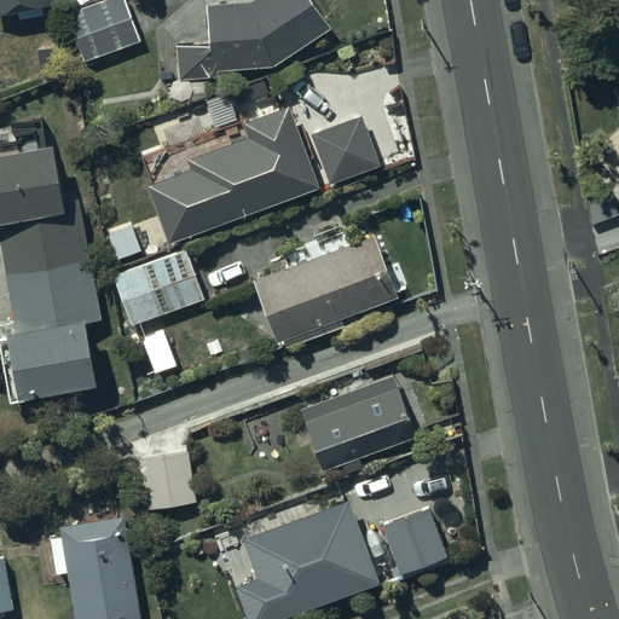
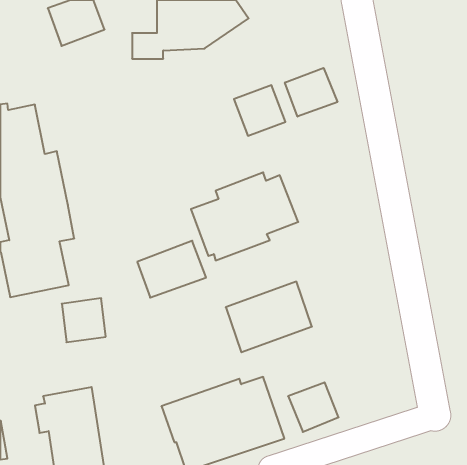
building: none -> [285,68,337,117]
building: [146,108,318,242] -> none
building: [114,251,204,326] -> [137,241,206,298]
building: [137,452,195,510] -> [62,298,106,342]

